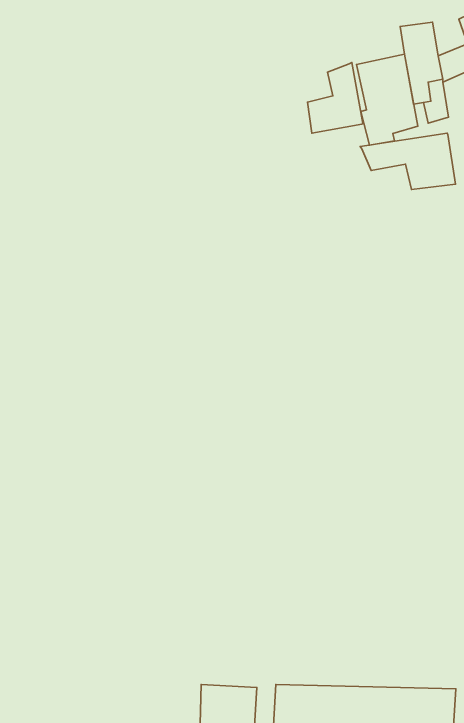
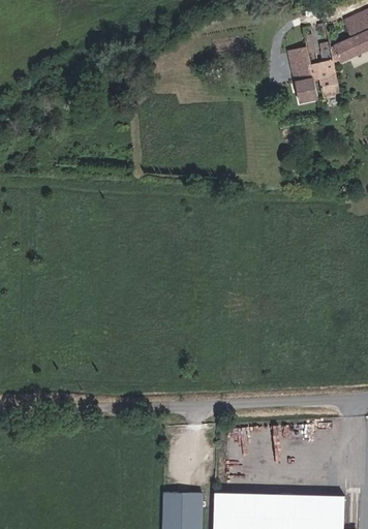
building: [307,62,363,133] -> none
building: [360,133,456,190] -> none

